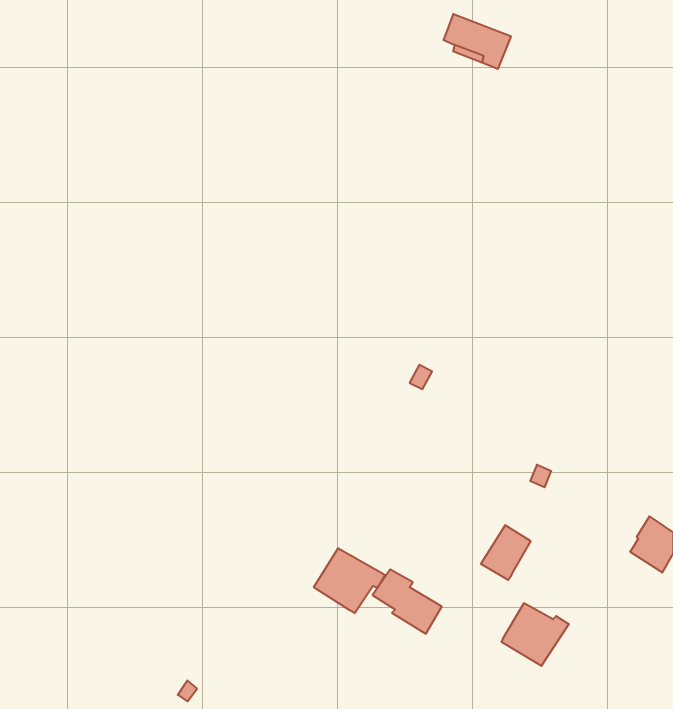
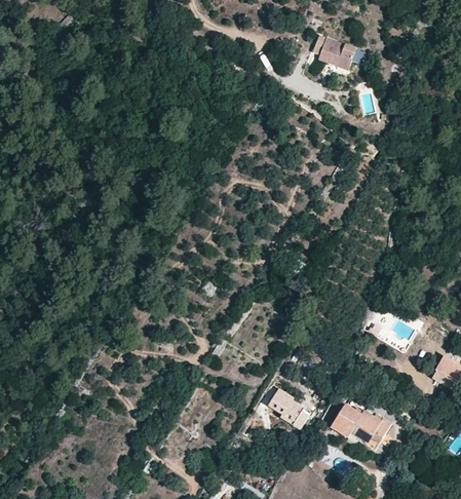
building: [481,525,531,580] -> [331,402,362,437]
building: [314,548,385,613] -> none

